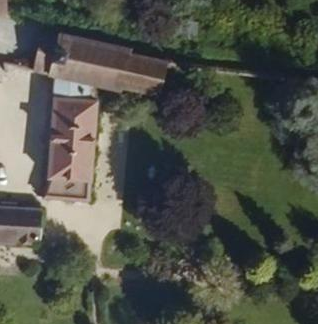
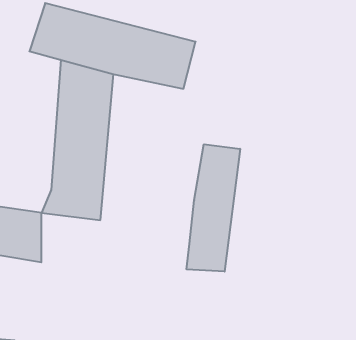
building: none -> [187,144,240,272]

